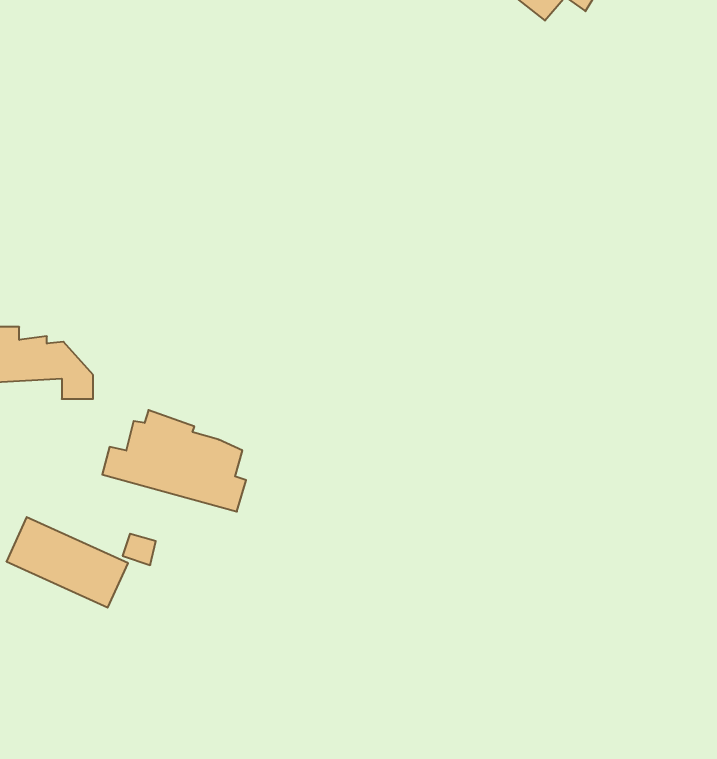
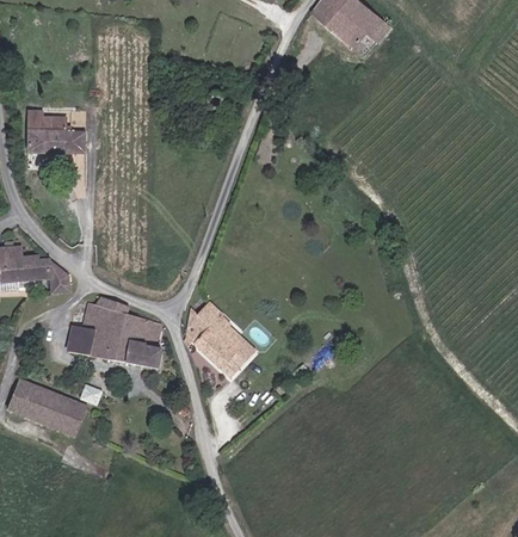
building: none -> [27,101,85,155]
building: none -> [189,300,247,382]

